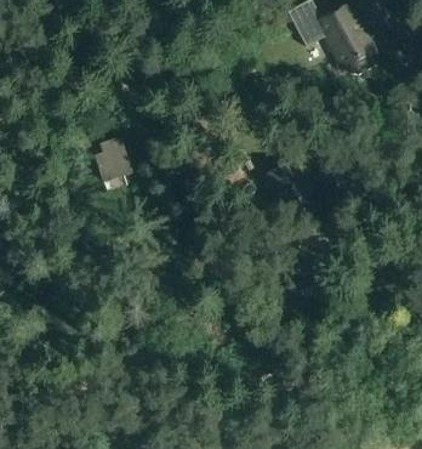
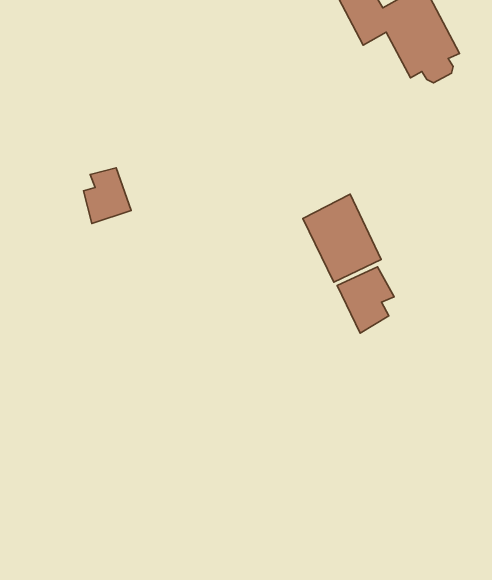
building: none -> [337,267,394,333]

